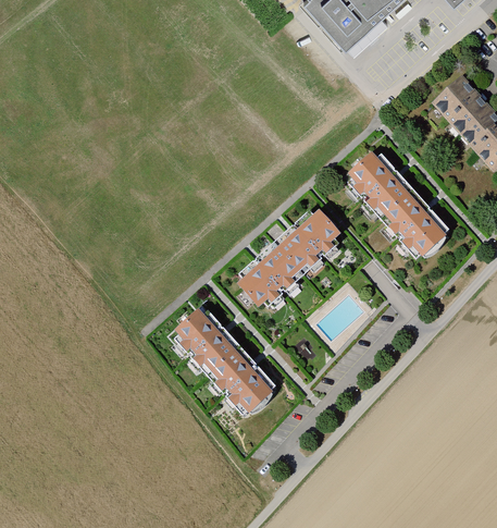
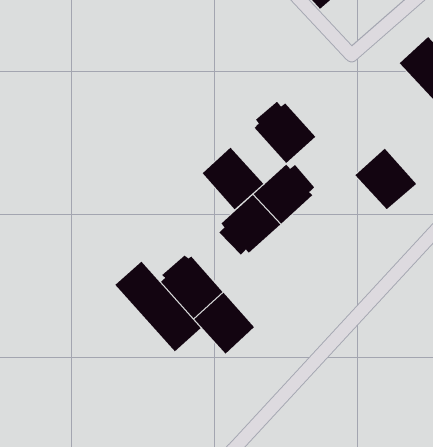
building: [349,155,417,223] -> [254,100,316,164]
building: none -> [202,147,264,210]
building: none -> [115,261,201,352]

